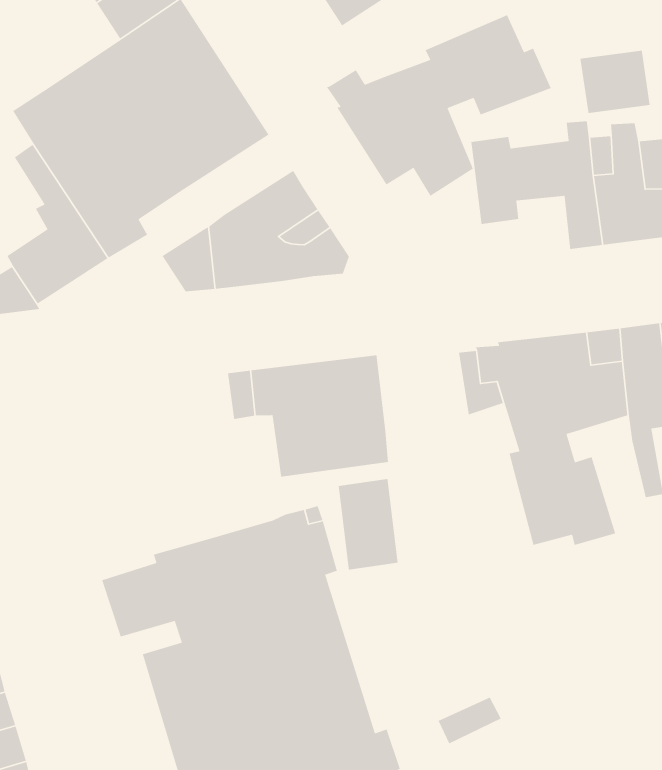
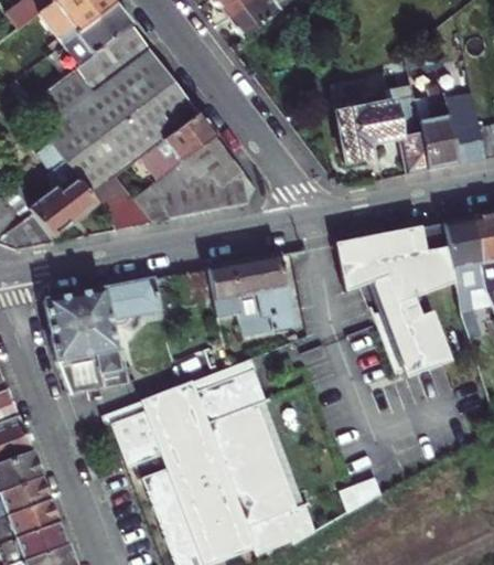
building: [326,14,552,197] -> none
building: [580,50,651,114] -> none
building: none -> [142,113,217,179]
building: none -> [98,185,151,228]
building: none -> [45,279,158,394]
building: [338,478,399,570] -> none

